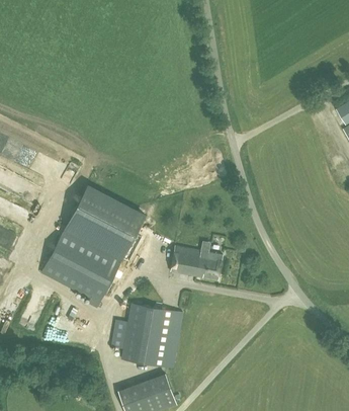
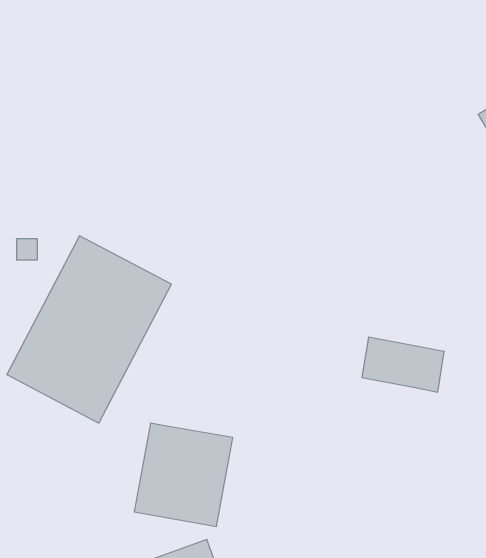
building: [170,246,222,280] -> [362,337,444,392]

